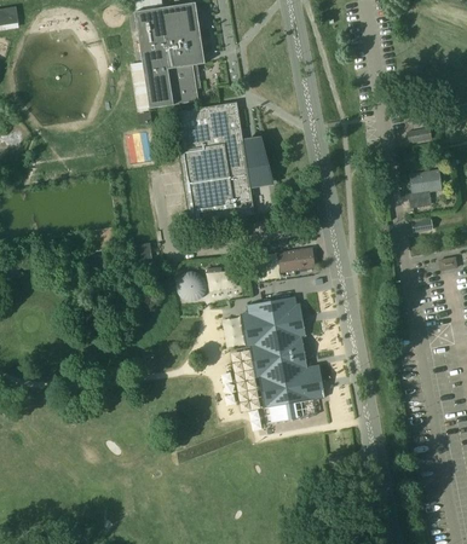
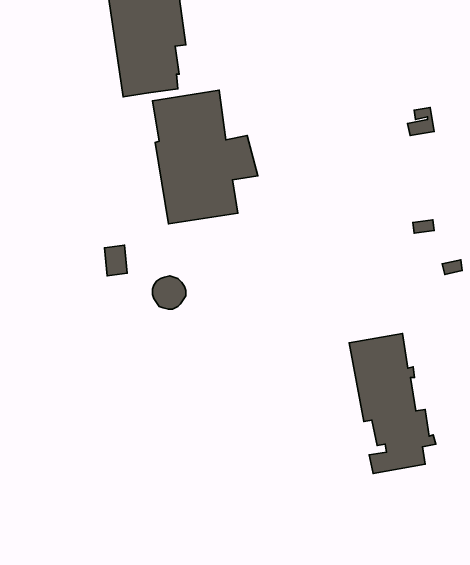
building: [407,169,439,208] -> none
building: [278,248,312,270] -> none
building: [246,295,324,422] -> [349,333,436,474]

